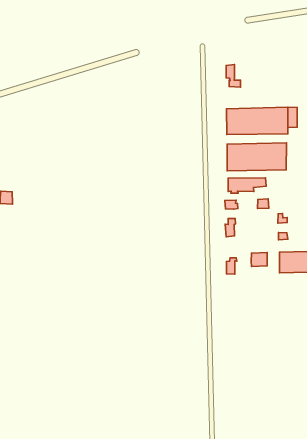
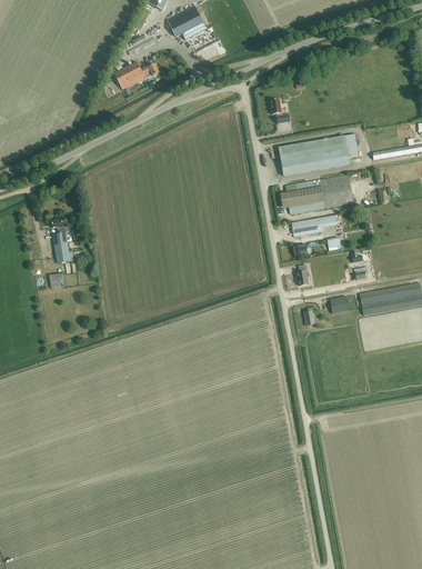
building: none -> [114,61,159,89]
building: none -> [52,219,73,263]

